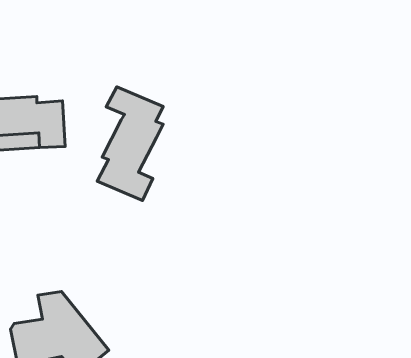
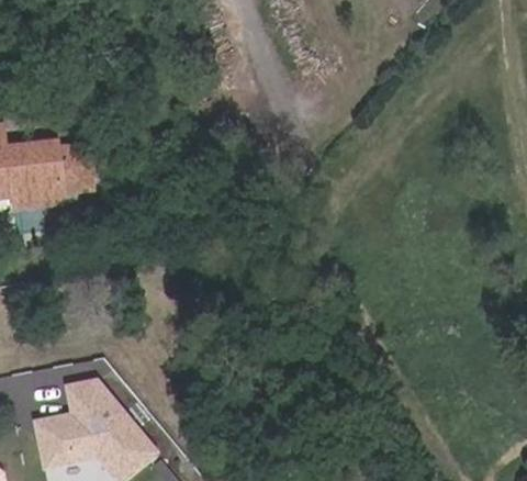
building: [97,87,163,201] -> none

